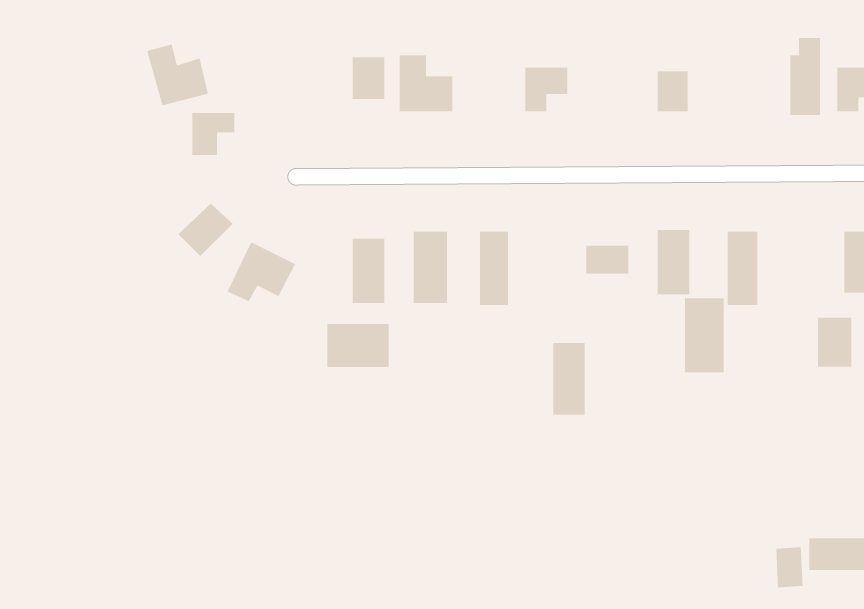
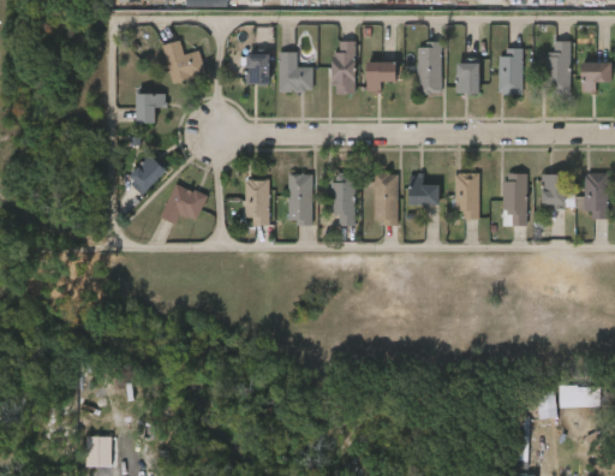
building: none -> [334,41,354,93]
building: none -> [418,42,441,93]
building: [146,43,209,106] -> [162,40,205,83]
building: none -> [500,48,523,94]
building: [684,297,725,373] -> none
building: [817,317,852,367] -> [542,173,566,208]
building: [326,323,389,368] -> none
building: [552,342,585,415] -> [375,173,398,224]

